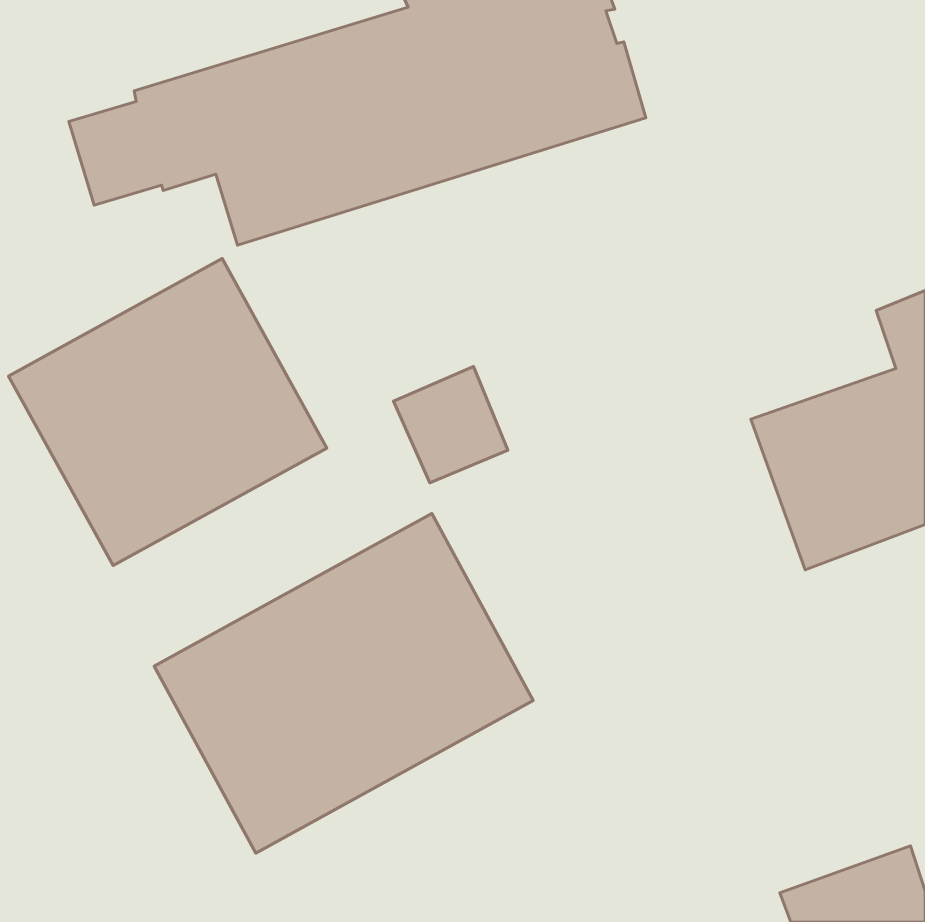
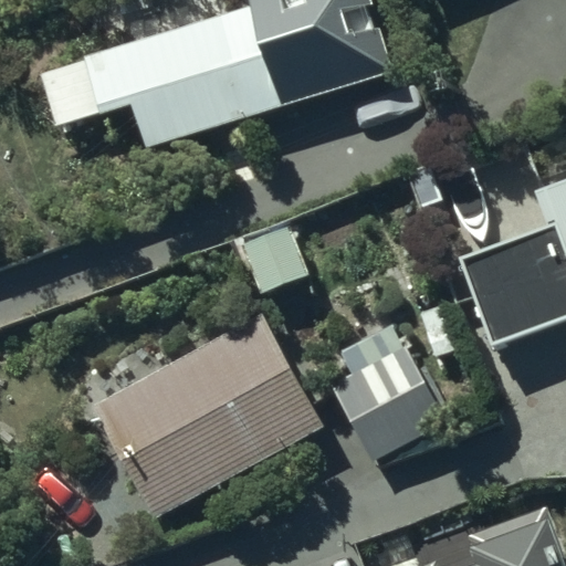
building: [8,259,327,565] -> none
building: none -> [326,329,448,462]

